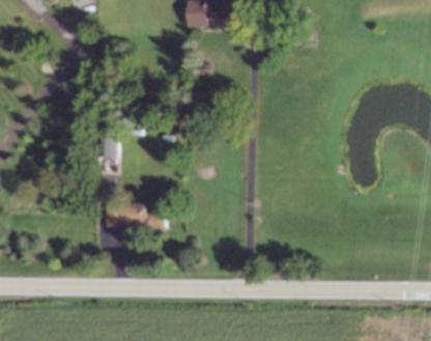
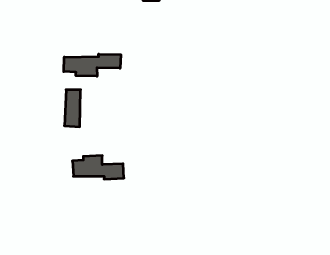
building: none -> [64,54,121,76]

